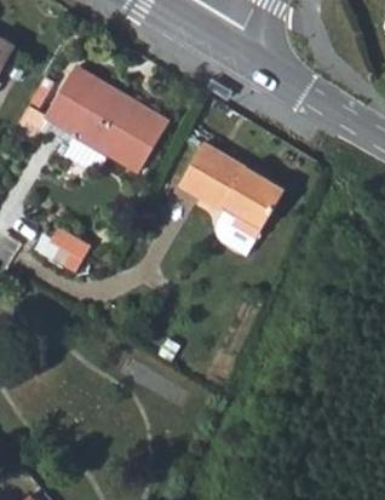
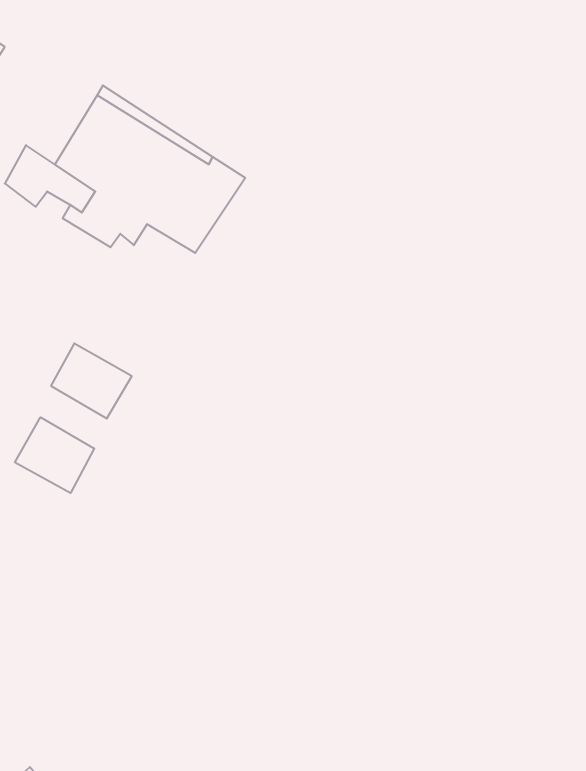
building: [183,143,285,253] -> none
building: none -> [15,417,94,493]

